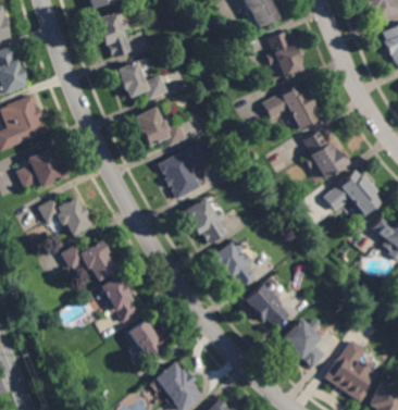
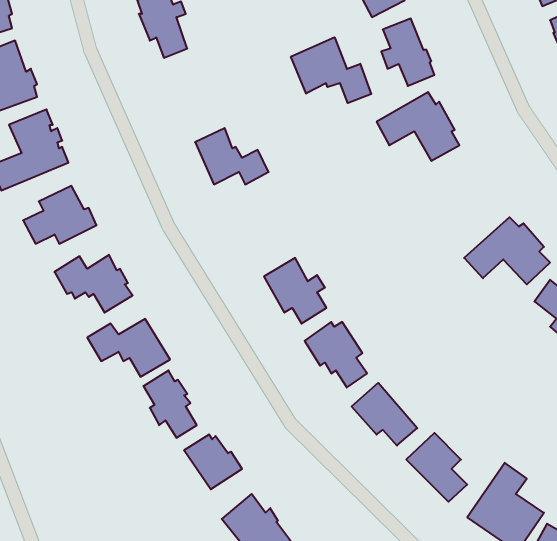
building: none -> [291,37,371,103]
building: [117,61,169,100] -> none
building: [303,132,348,178] -> none
building: [159,141,212,200] -> none

